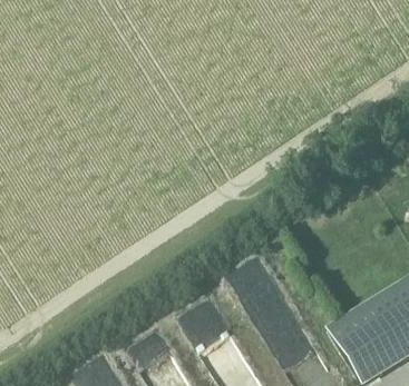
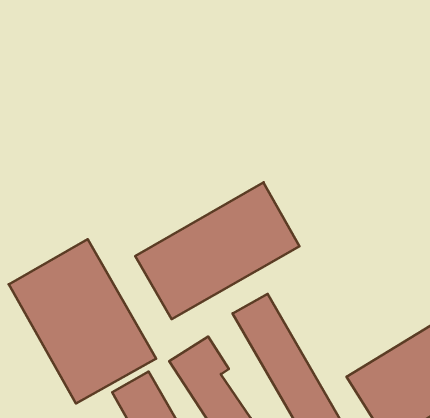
building: none -> [135,182,299,319]
building: none -> [9,239,156,403]

